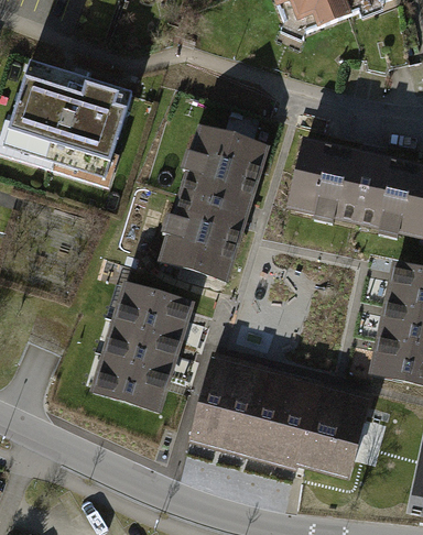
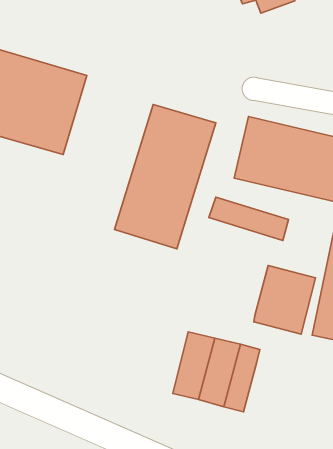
building: none -> [209,197,289,241]
building: [93,281,193,411] -> none
building: [192,363,238,437] -> none
building: [296,403,362,477] -> [254,265,315,334]

